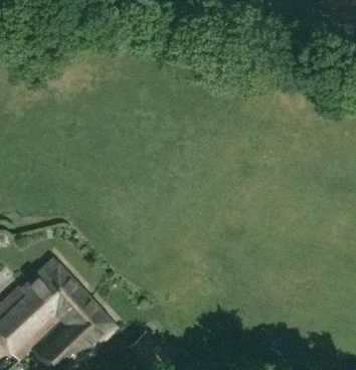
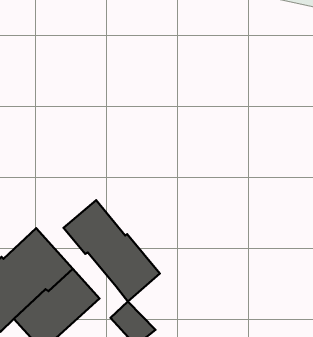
building: none -> [63,200,160,301]

